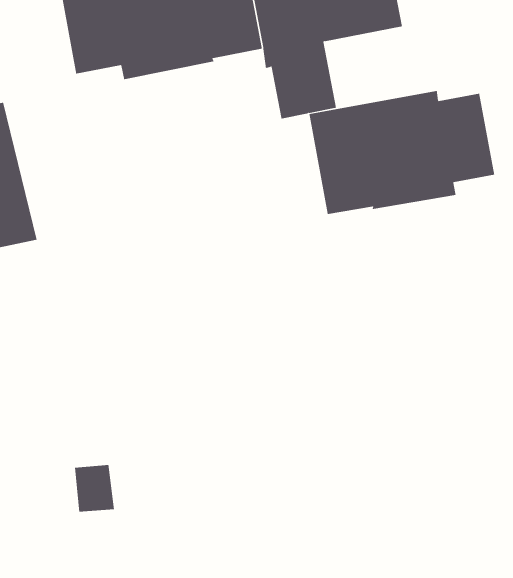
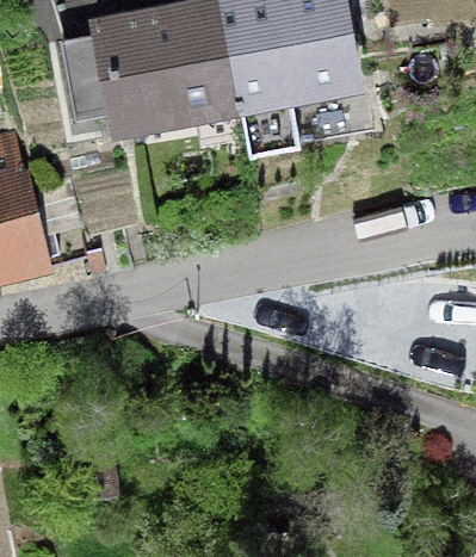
building: [309,90,495,215] -> none

